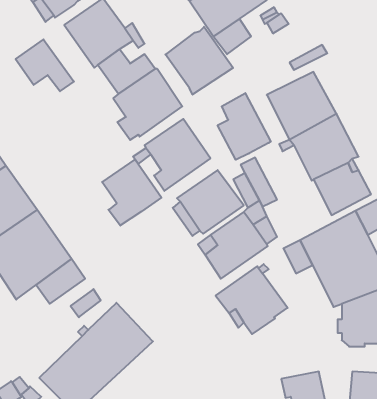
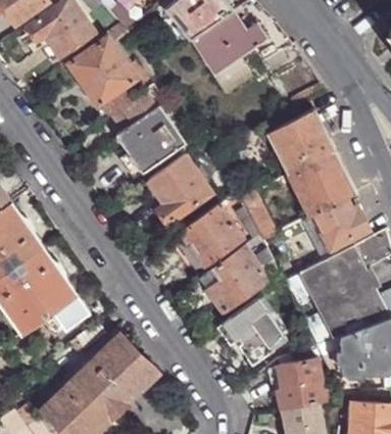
building: [165,27,233,95] -> none
building: [16,39,74,91] -> none
building: [218,93,271,160] -> none
building: [102,159,161,226] -> none
building: none -> [271,347,326,411]

